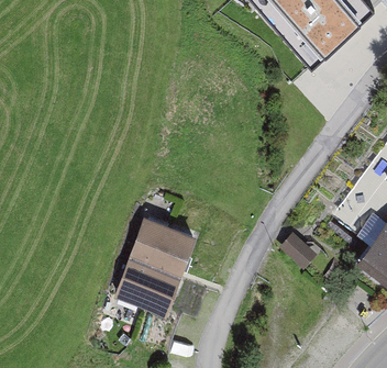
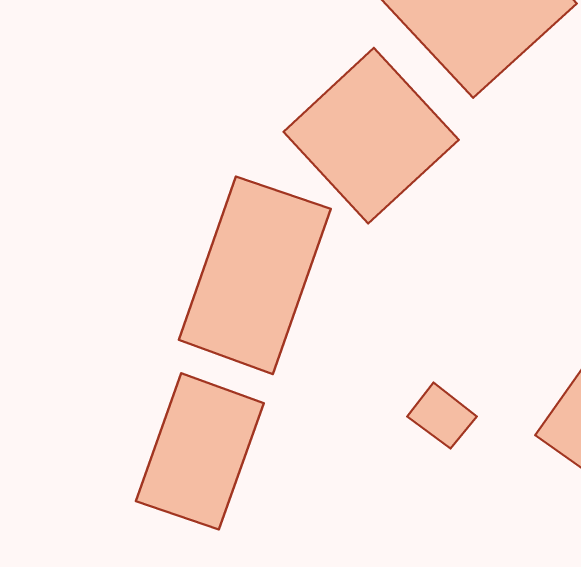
building: none -> [283,48,459,224]
building: none -> [179,176,331,374]

